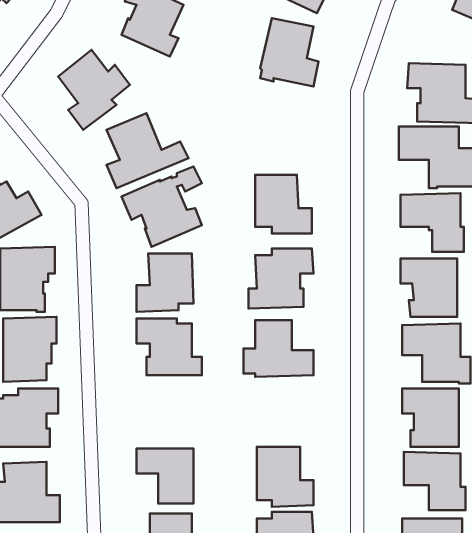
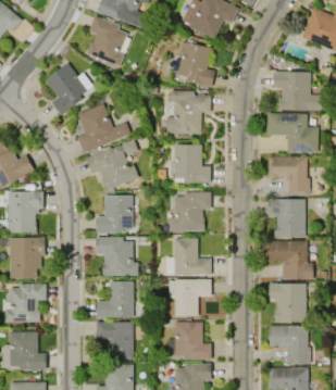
building: none -> [165,91,210,134]
building: none -> [167,279,210,316]
building: none -> [96,281,132,317]

